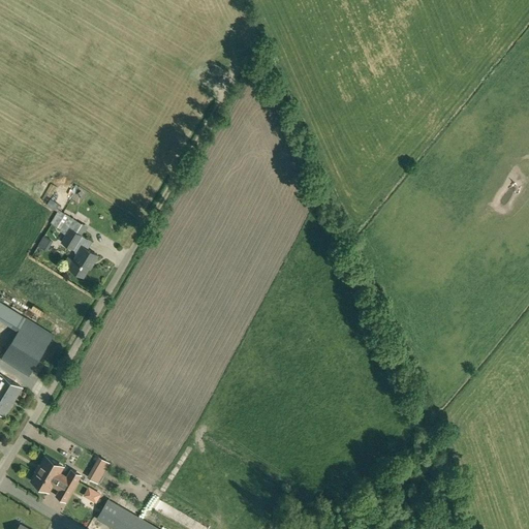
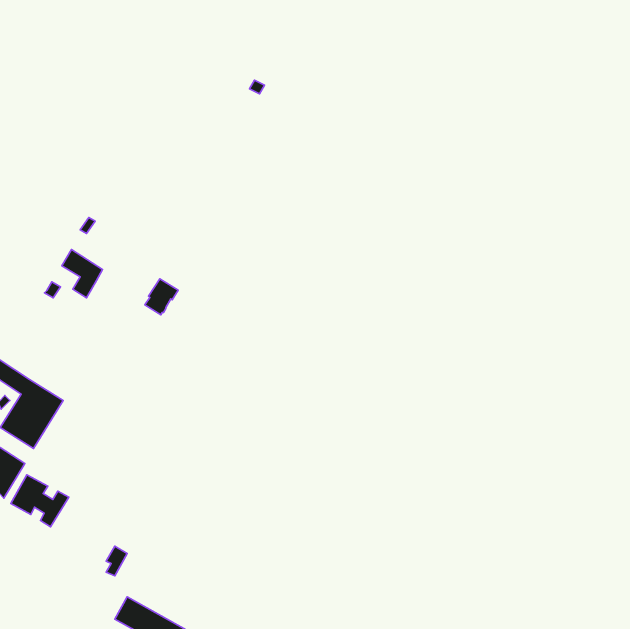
building: [69,248,97,278] -> [145,279,178,315]
building: [31,459,80,502] -> [11,475,69,527]

